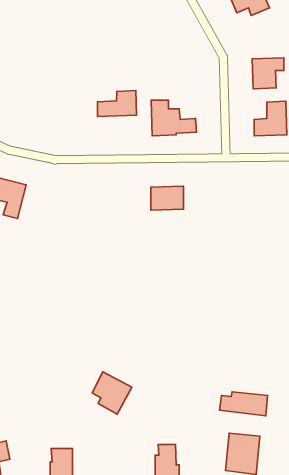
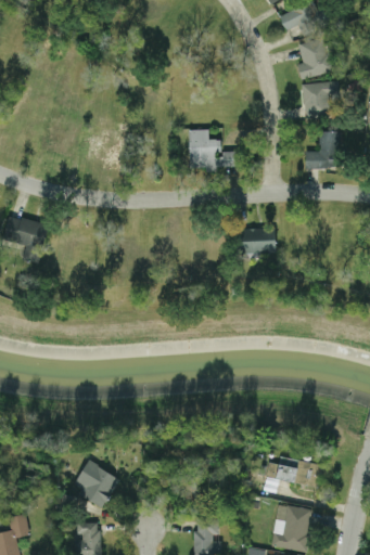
building: none -> [297,38,337,80]
building: [97,91,137,116] -> none
building: [151,186,183,210] -> [239,228,276,255]
building: [92,372,132,414] -> [75,461,119,508]

